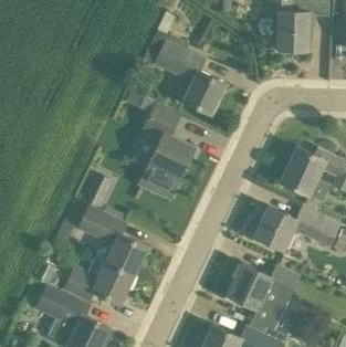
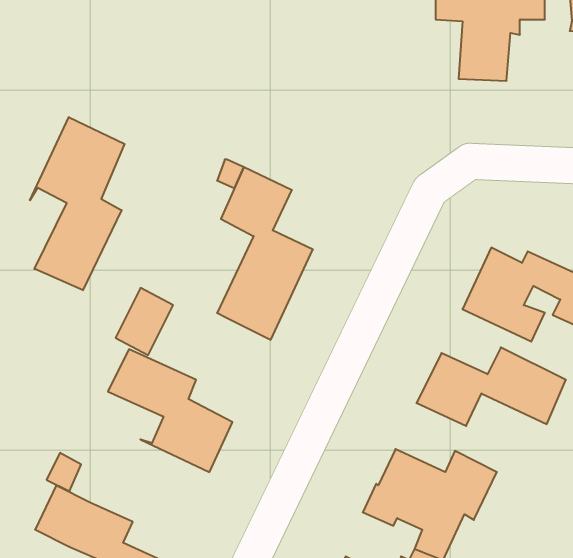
building: [143,30,226,114] -> none
building: none -> [30,117,125,290]
building: [61,256,134,303] -> none

